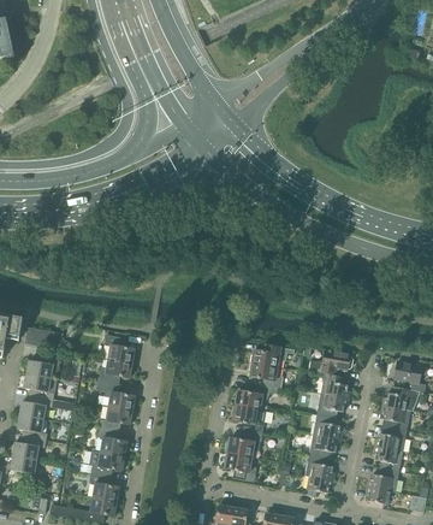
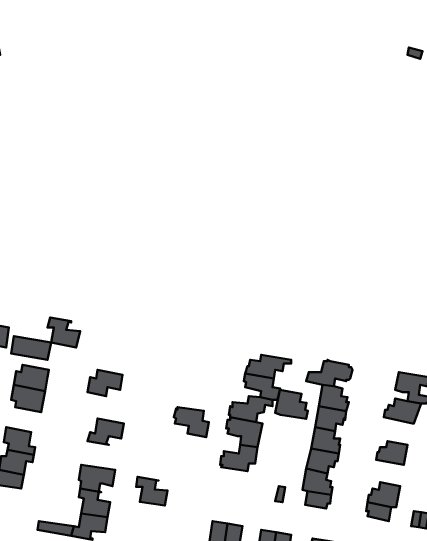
building: [105,335,136,364] -> [48,317,80,347]
building: none -> [275,390,308,419]
building: [97,381,136,411] -> none
building: [20,395,54,419] -> none
building: [382,405,411,431] -> none
building: [97,427,127,455] -> [136,477,167,506]
building: [374,446,403,471] -> none
building: [224,453,257,482] -> [174,407,209,437]

